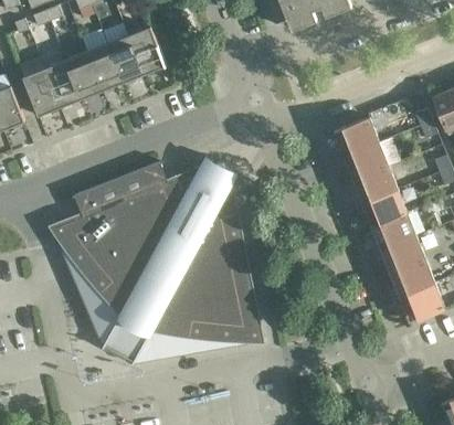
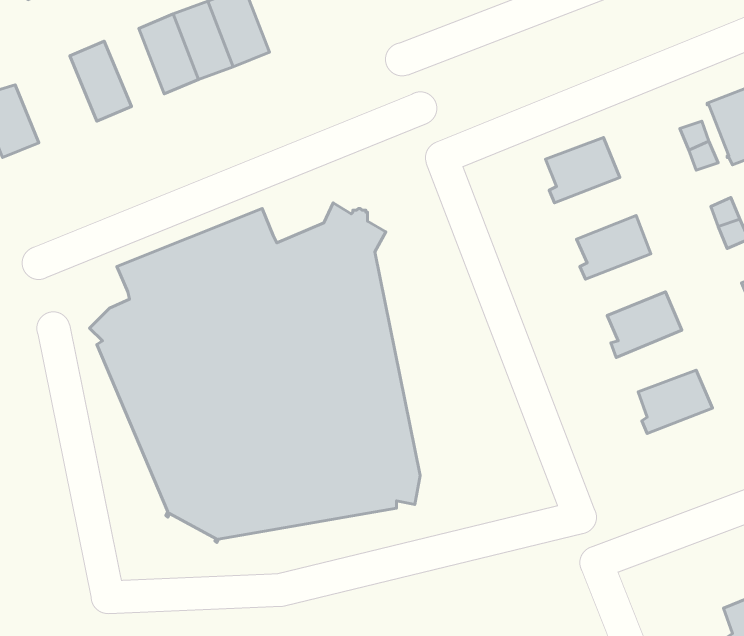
building: [64,51,101,98] -> none
building: [22,67,60,115] -> none
building: [338,141,388,179] -> none
building: [357,188,405,225] -> none
building: [376,234,424,272] -> none
building: [394,281,443,320] -> none

